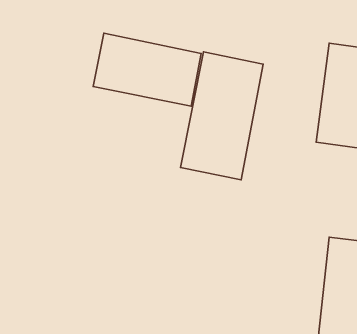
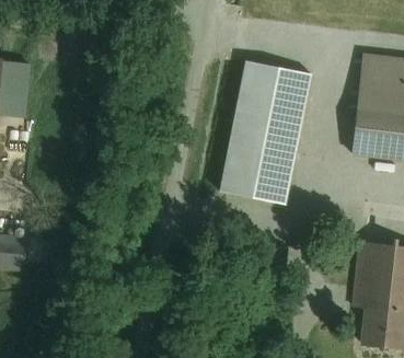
building: [93,33,201,106] -> none

